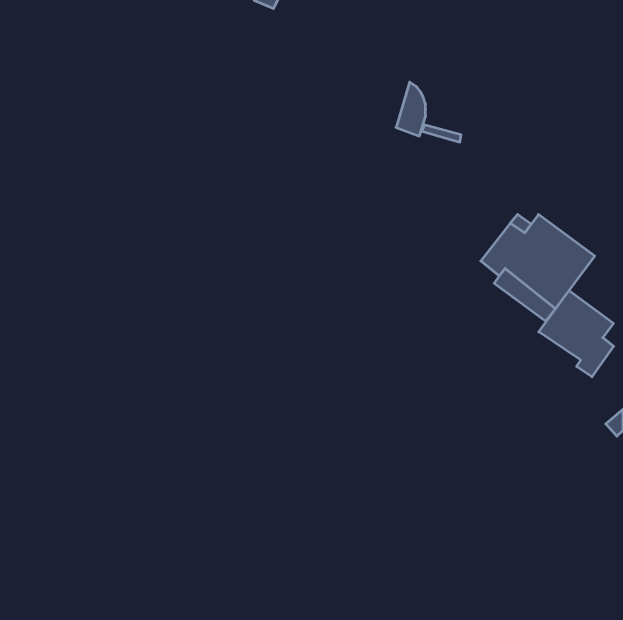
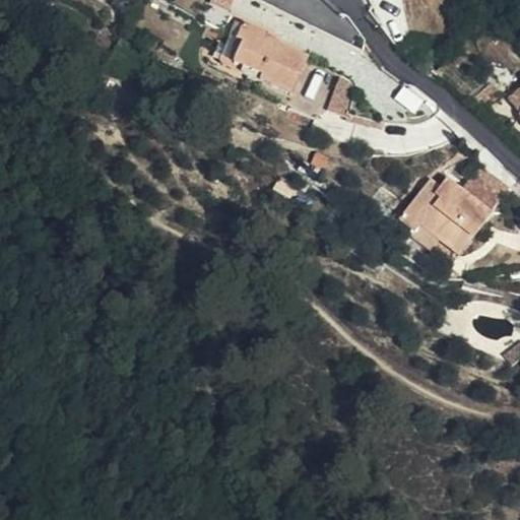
building: none -> [229,15,309,89]
building: [539,291,614,377] -> none

